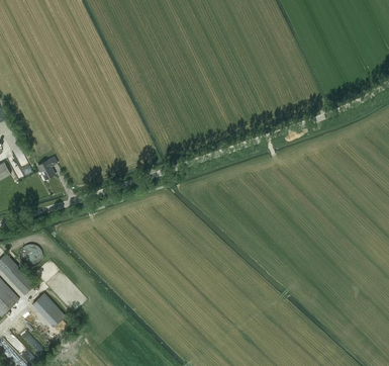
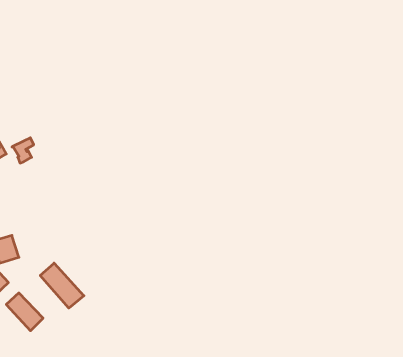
building: none -> [40,263,84,308]

